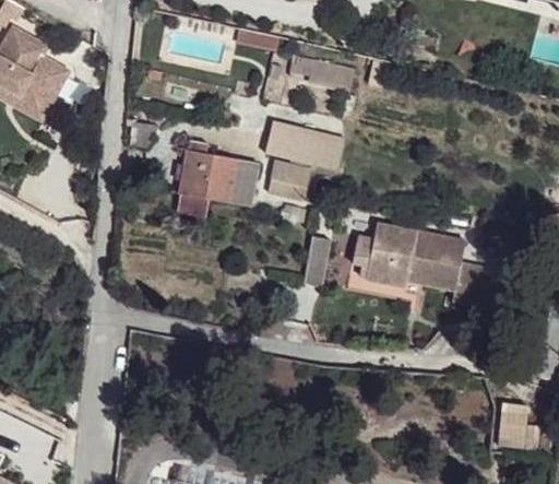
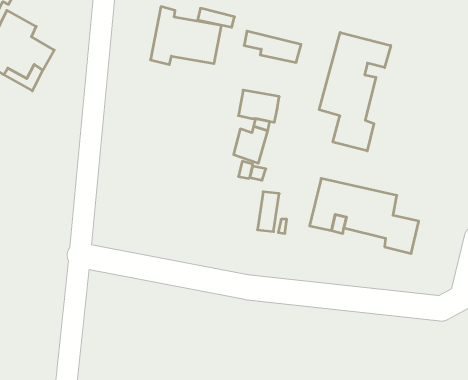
building: none -> [319,32,391,151]
building: [177,141,259,208] -> [150,7,222,65]
building: [497,402,538,448] -> none

